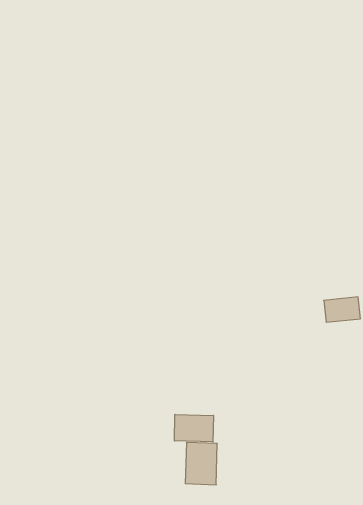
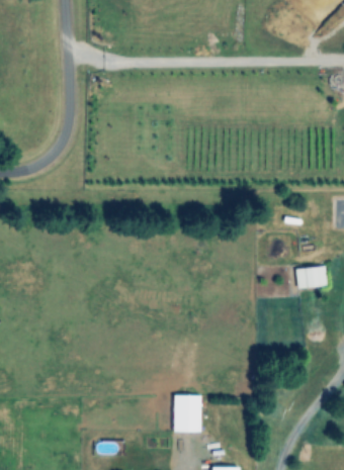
building: [174,414,213,442] -> none

